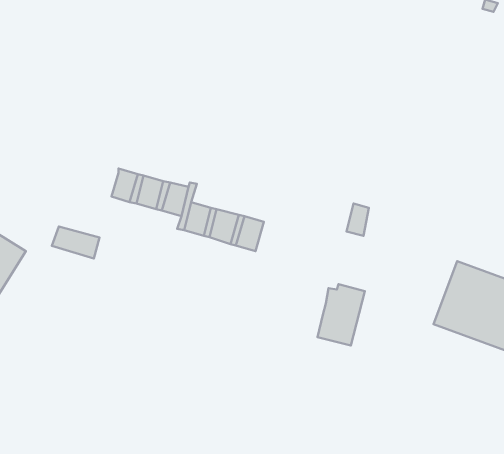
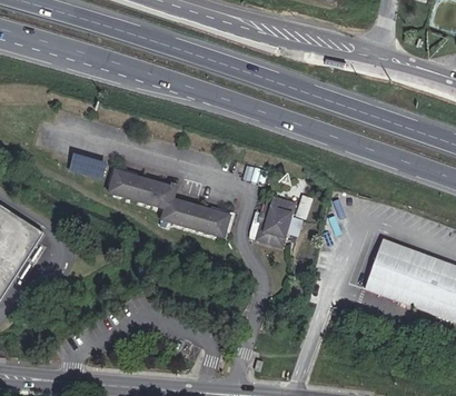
building: [52,226,99,259] -> [67,155,105,180]
building: [317,284,365,346] -> [256,191,294,240]

